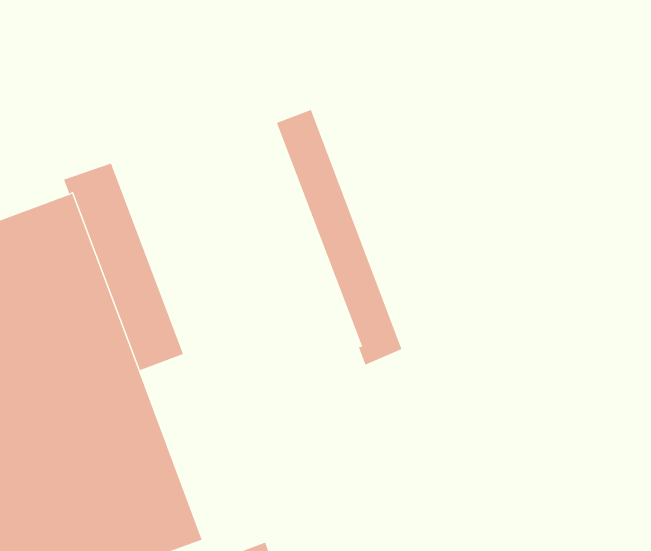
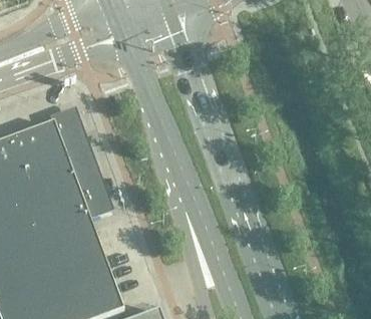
building: [276,109,402,366] -> none

